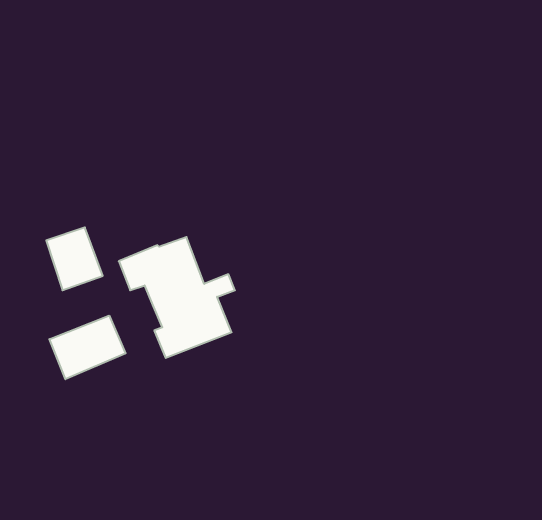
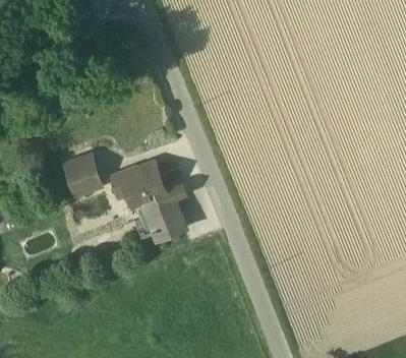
building: [49,316,126,379] -> none

